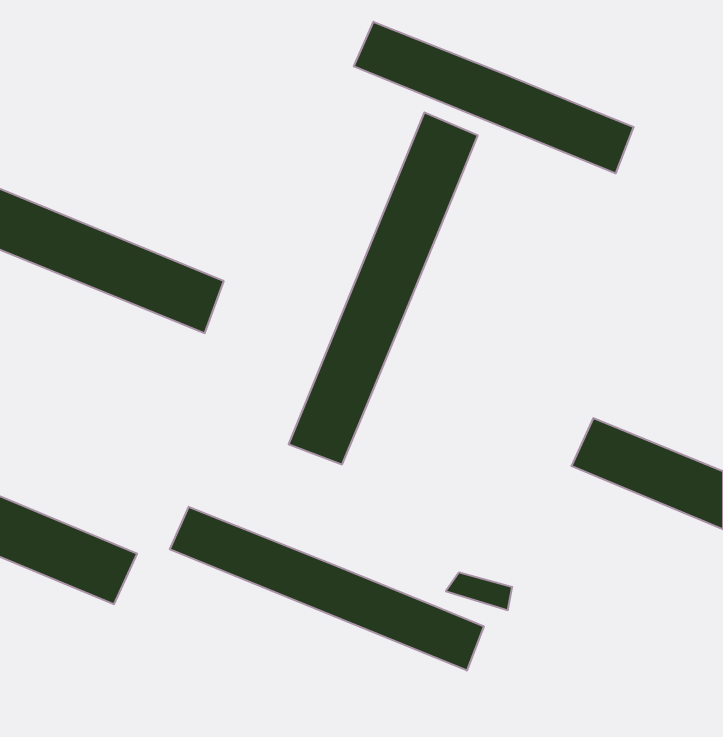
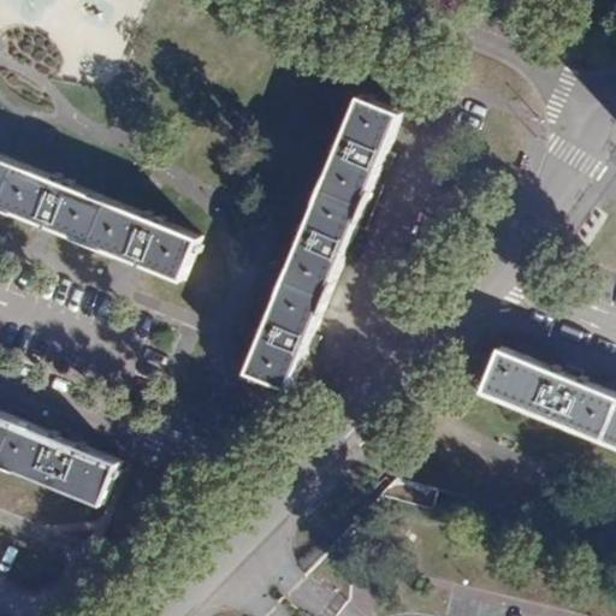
building: [354,22,634,173] -> none
building: [170,507,484,671] -> none

